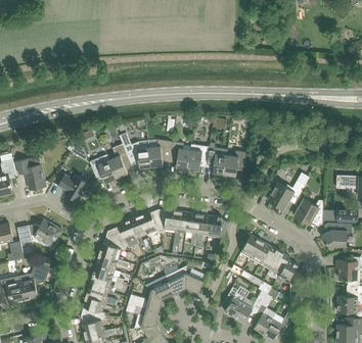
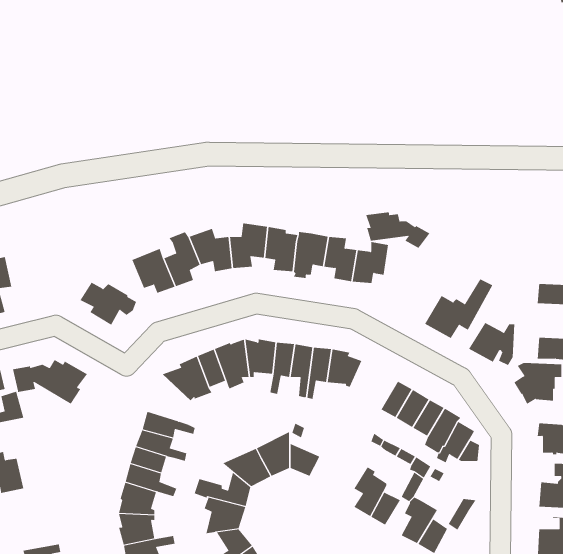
building: none -> [366,212,430,249]
building: [15,158,45,190] -> none
building: [98,231,125,259] -> none
building: [19,263,49,300] -> none

